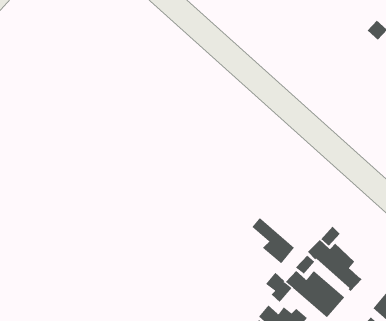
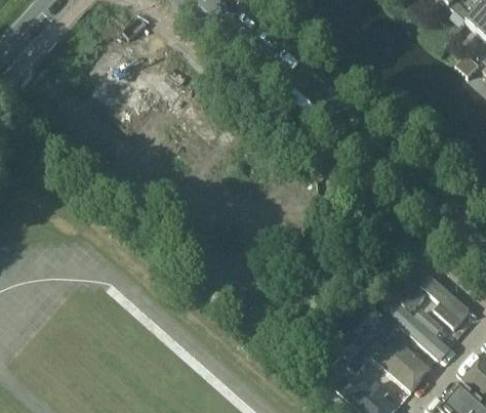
building: [251,217,295,264] -> [421,273,471,326]

